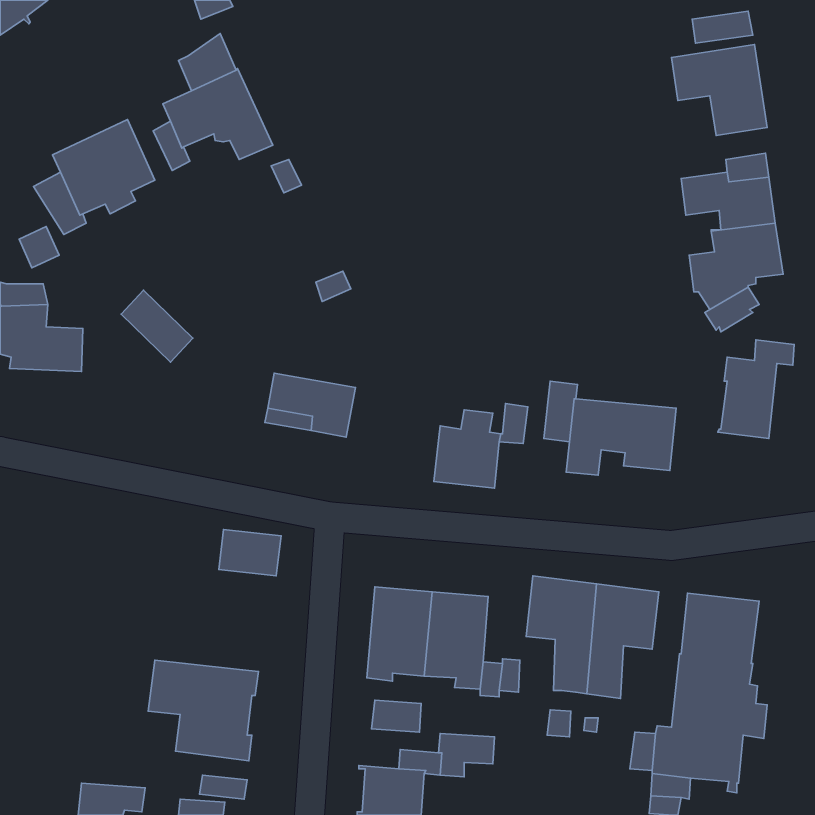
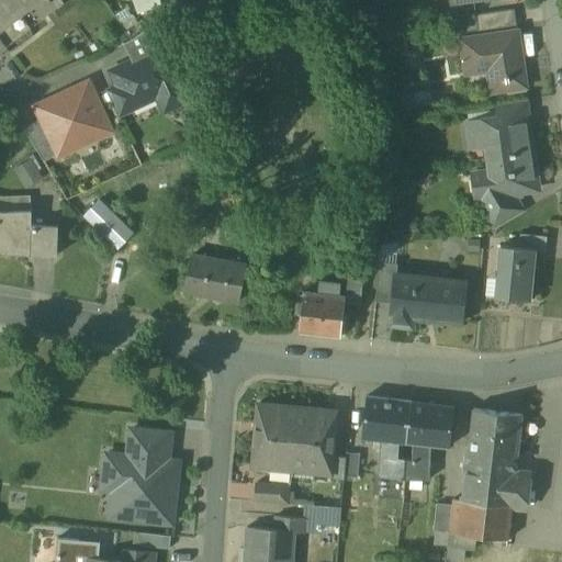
building: [219,529,281,576] -> [127,429,170,461]

